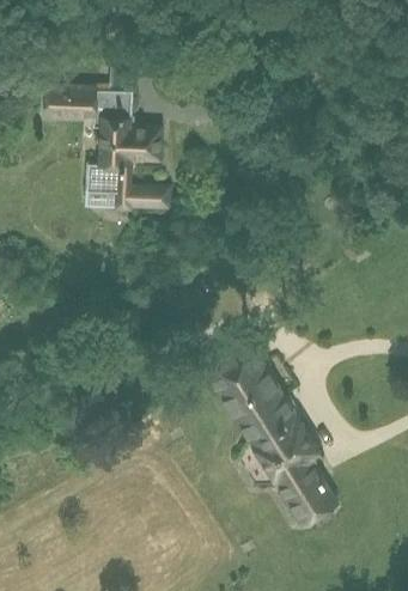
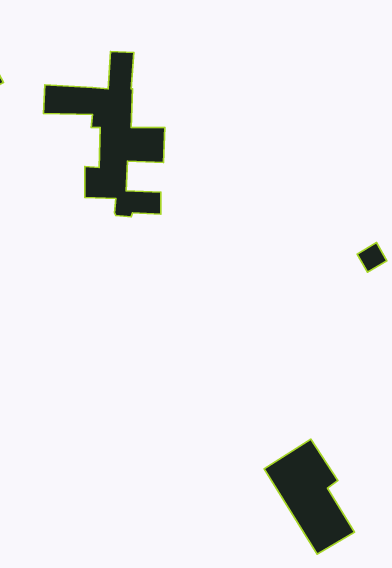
building: [203,337,297,445] -> none

